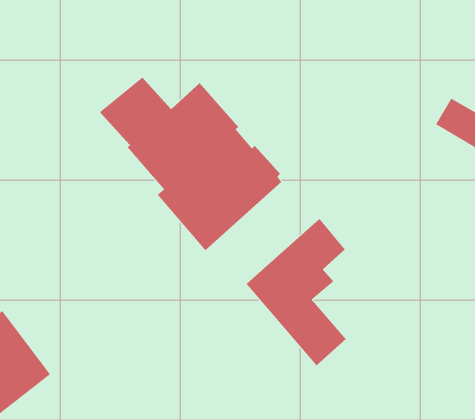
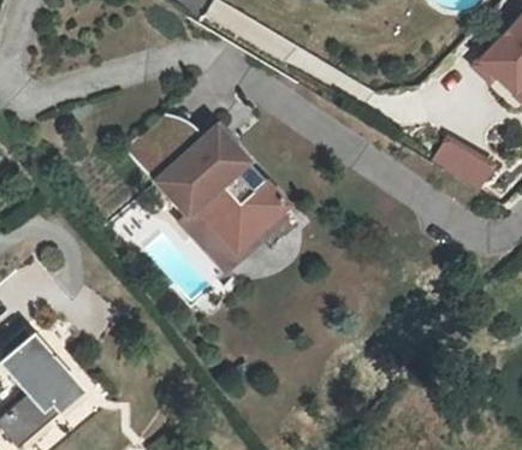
building: [246,218,346,366] -> none

